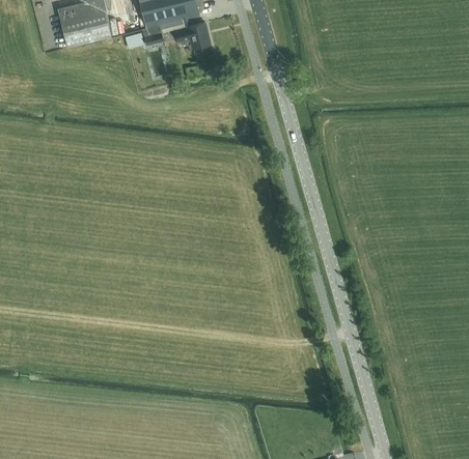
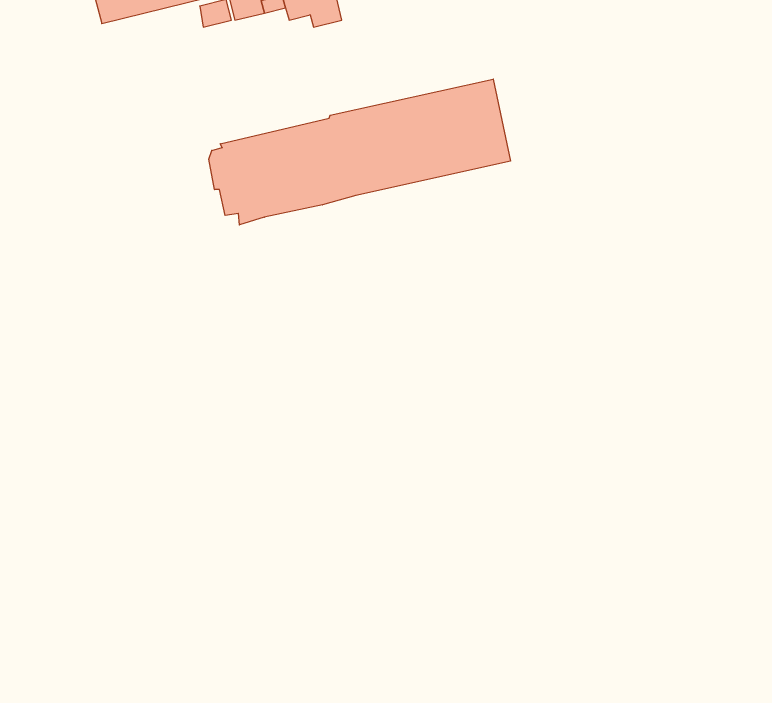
building: none -> [209,79,510,225]

